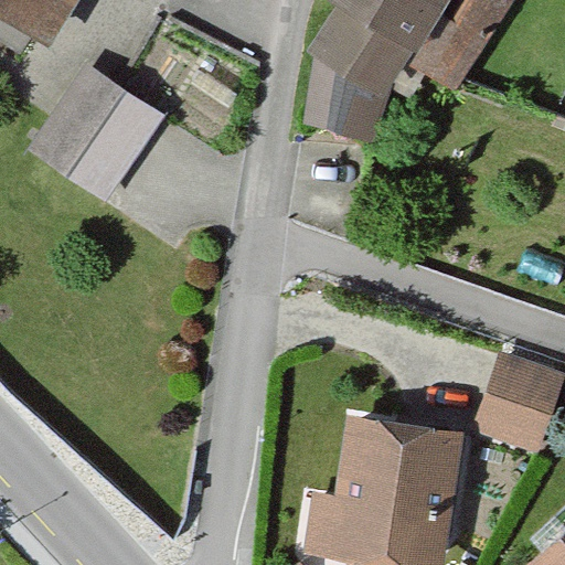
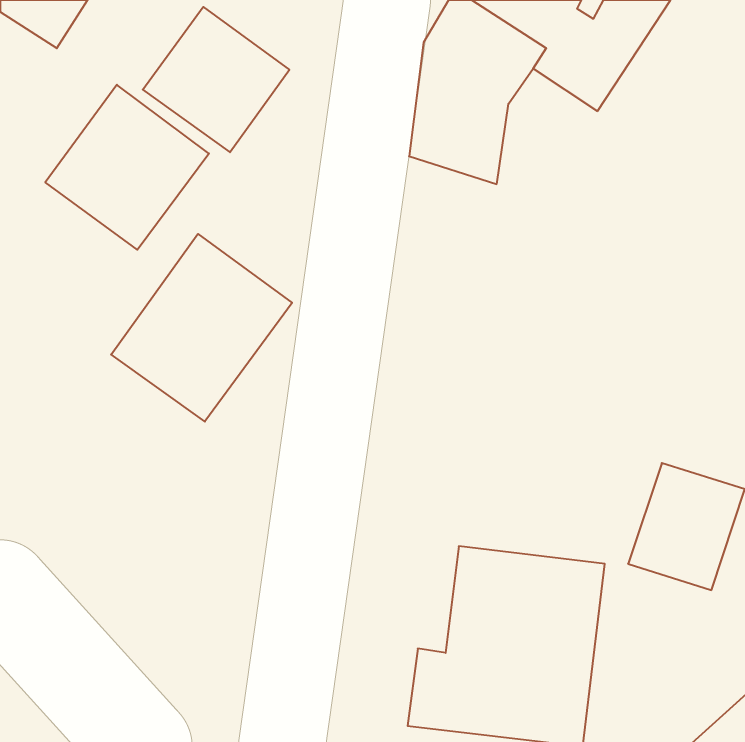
building: none -> [143,7,289,152]
building: none -> [111,234,292,422]

